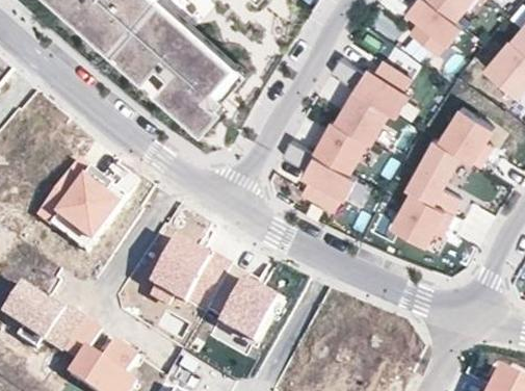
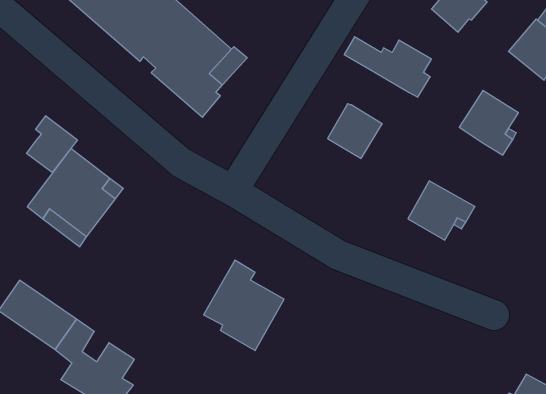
building: [338,88,392,141] -> none
building: none -> [27,116,77,173]
building: [406,138,462,215] -> none
building: [284,139,357,208] -> none
building: [140,238,206,308] -> none

